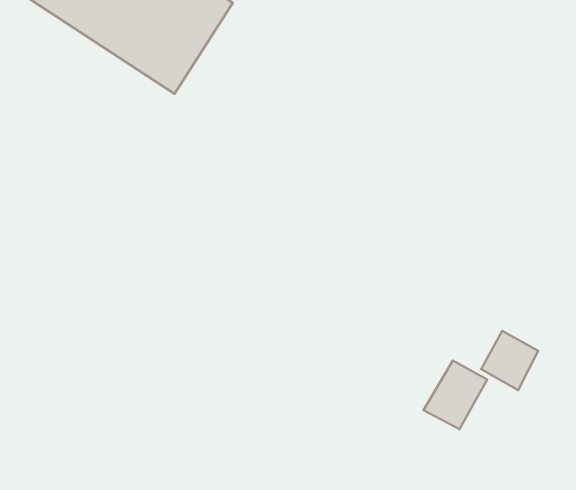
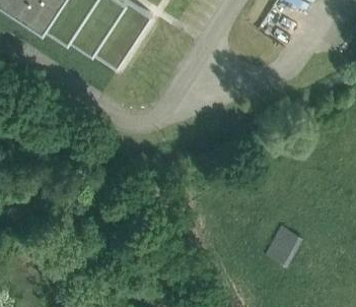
building: [481,331,538,390] -> none

